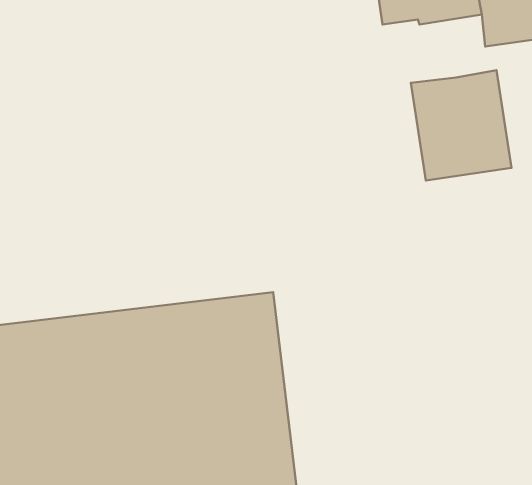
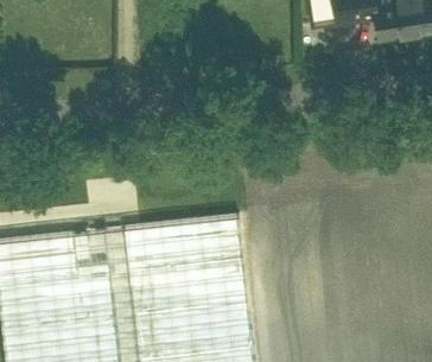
building: [411,70,512,181] -> none

